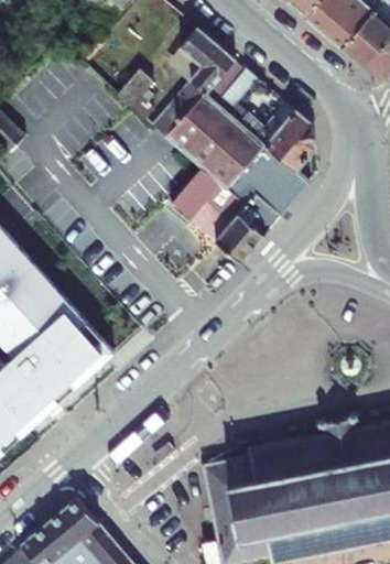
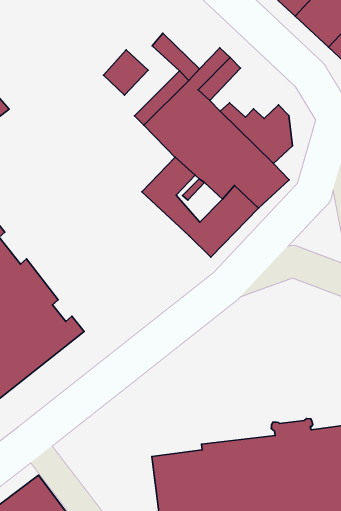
building: [175,29,232,83] -> none

